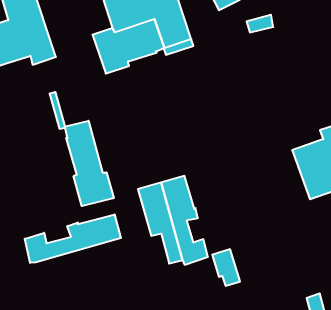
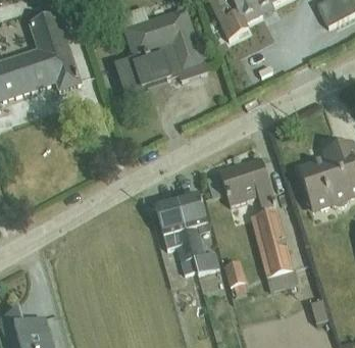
building: [50,92,114,206] -> none
building: none -> [219,157,300,290]
building: [25,214,121,263] -> none

